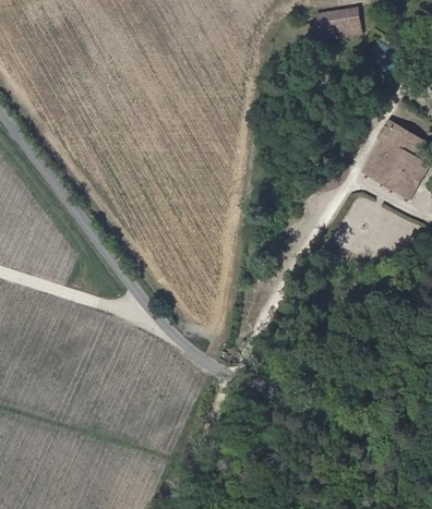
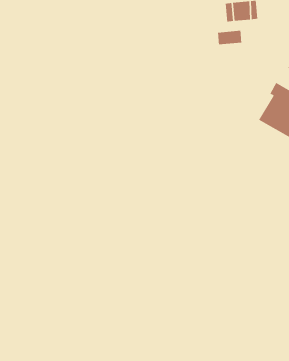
building: none -> [218,30,242,45]

